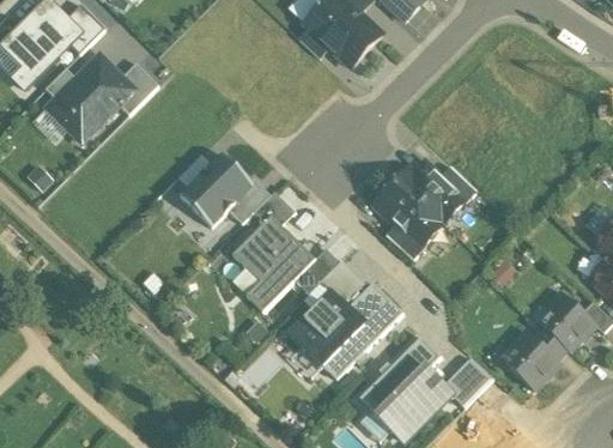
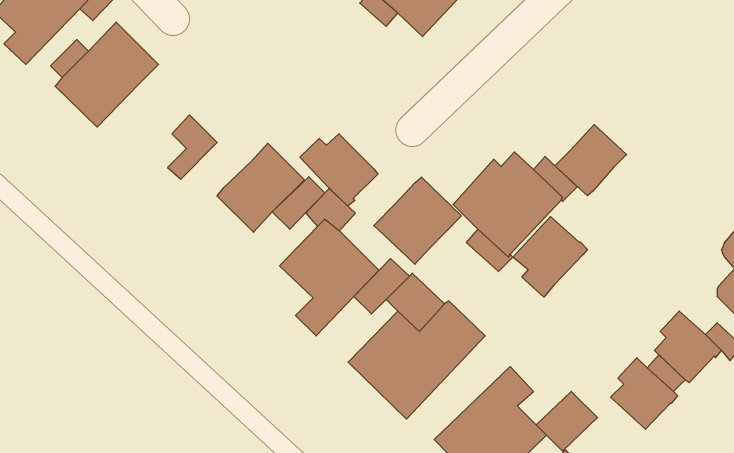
building: [116,62,157,115] -> [168,115,217,179]
building: none -> [555,125,627,196]
building: none -> [300,134,378,206]
building: none -> [374,177,461,264]
building: none -> [513,217,587,297]

